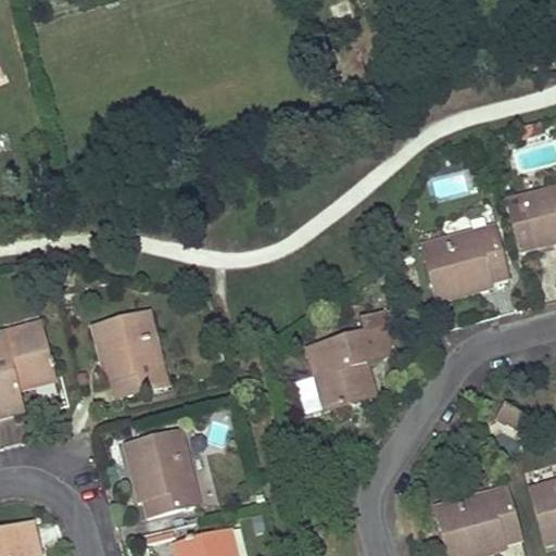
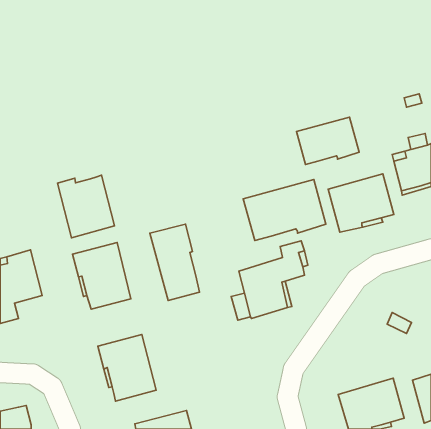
building: none -> [296,117,359,165]
building: none -> [57,175,115,238]
building: none -> [243,179,326,241]
building: none -> [150,224,200,301]

